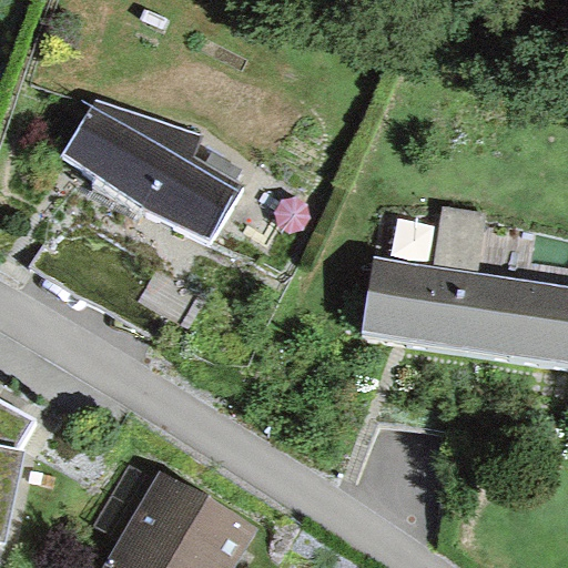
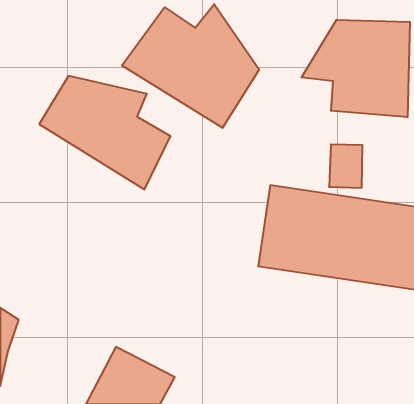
building: none -> [122,4,259,128]
building: none -> [301,20,410,117]

